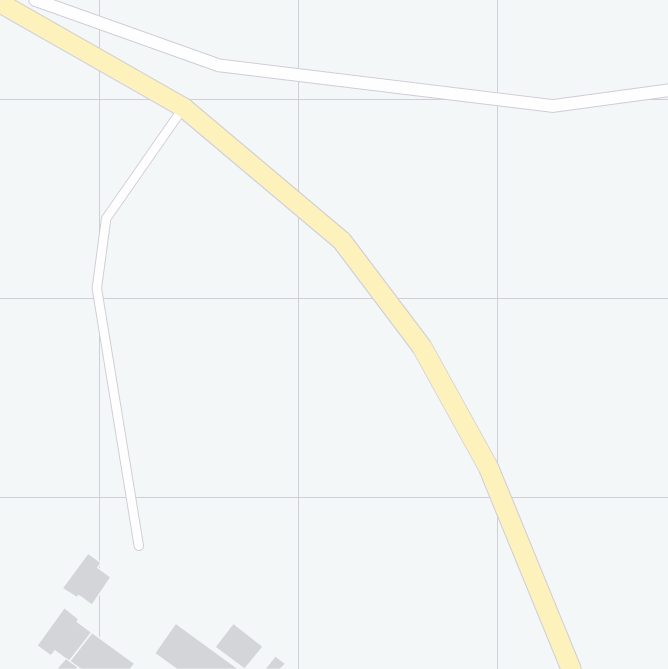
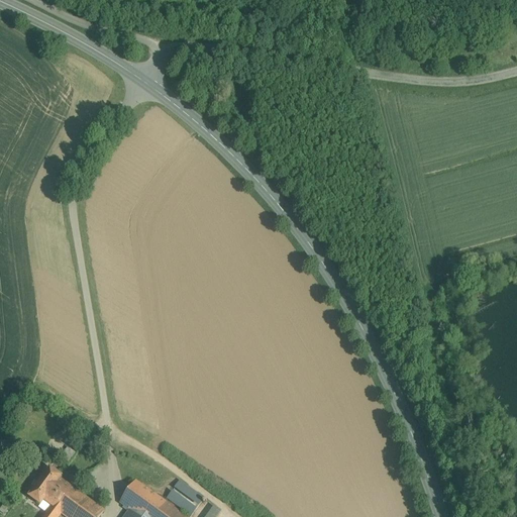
building: [62,553,111,605] -> none

